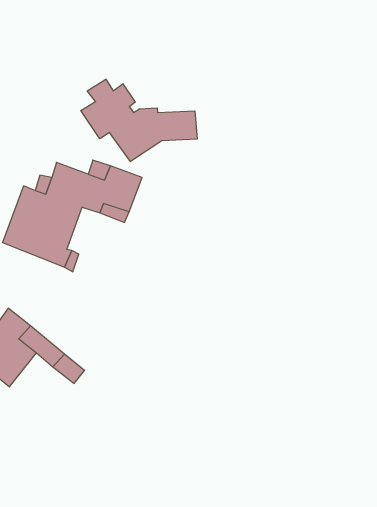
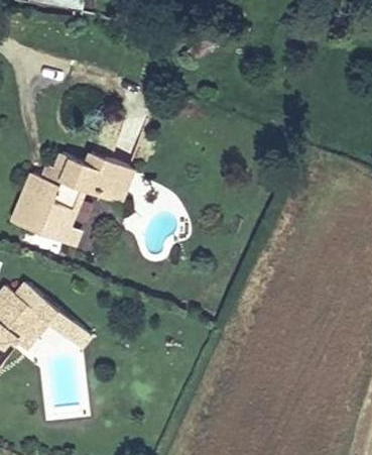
building: [81,79,197,162] -> none

